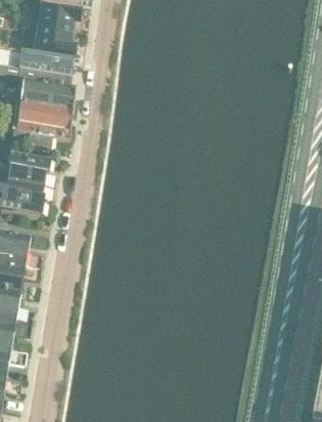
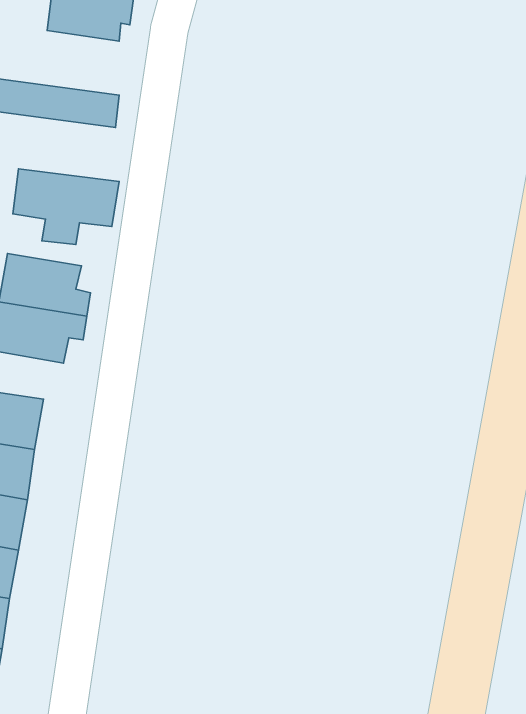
building: [22,28,75,59] -> none
building: [14,81,75,114] -> none

